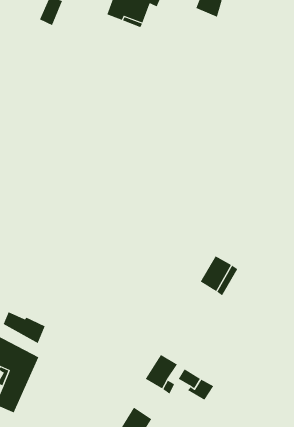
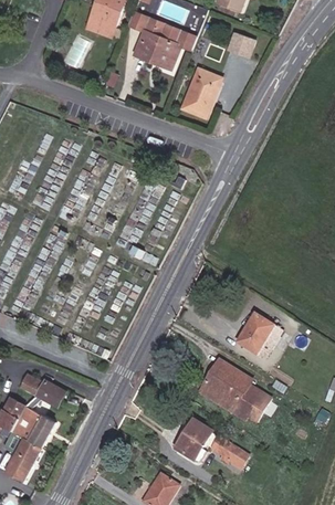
building: none -> [180,65,224,120]
building: none -> [199,358,266,423]

